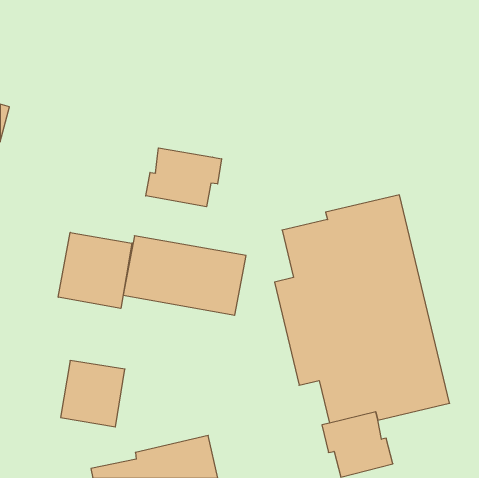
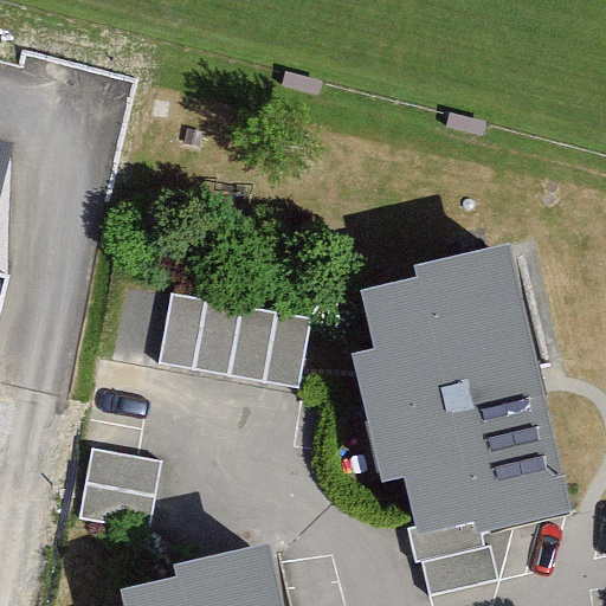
building: [146,148,222,207] -> none
building: [58,232,132,308] -> none

